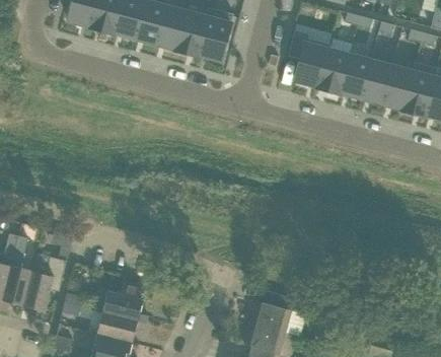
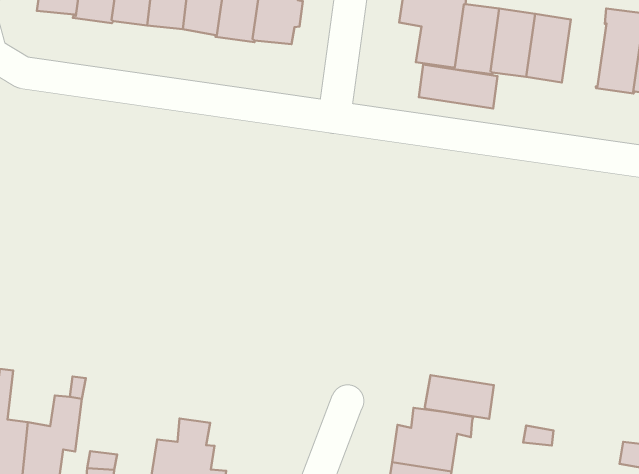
building: [381,67,413,110] -> none
building: none -> [419,64,498,109]
building: none -> [425,375,494,419]

